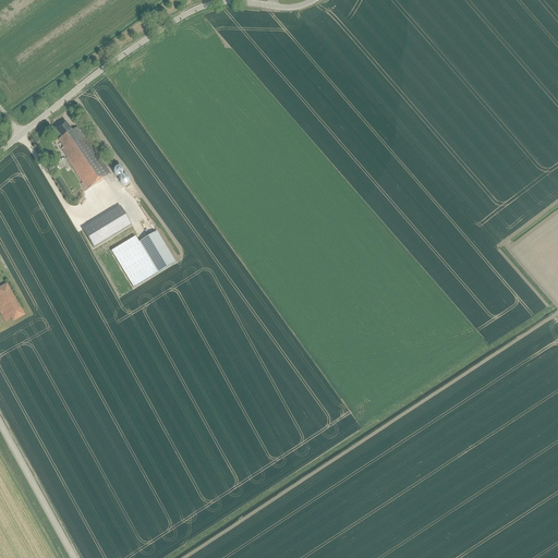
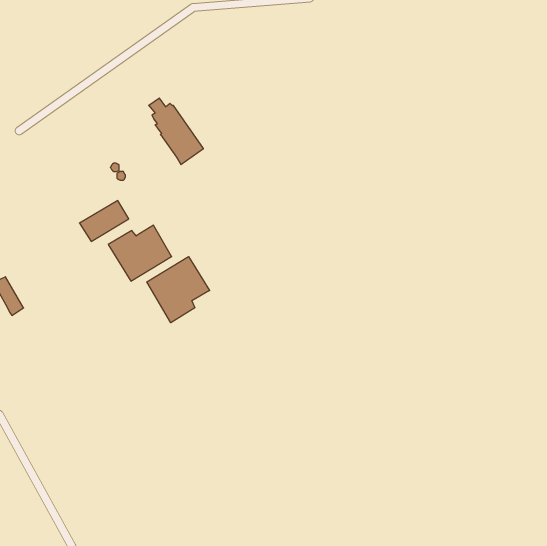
building: [53,120,109,187] -> [149,98,203,165]
building: none -> [147,257,210,323]

